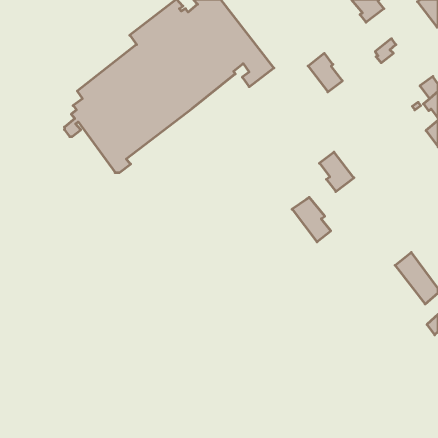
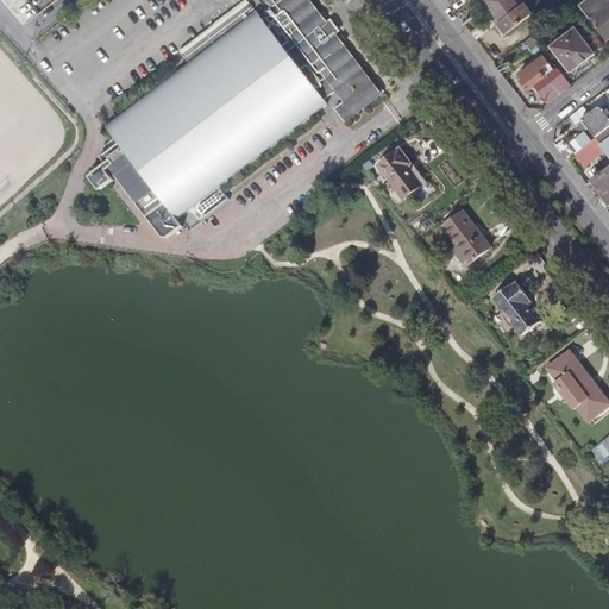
building: none -> [550,26,594,69]
building: none -> [534,67,570,101]
building: [308,53,342,92] -> [376,146,423,200]
building: [292,197,331,242] -> [492,281,546,343]

